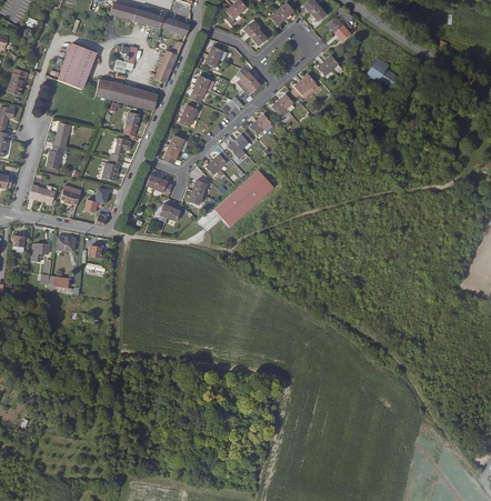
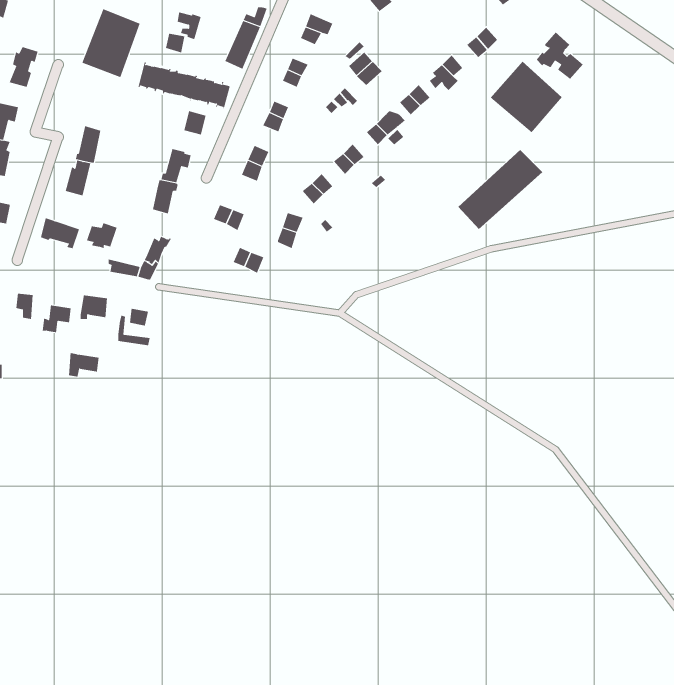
building: none -> [490,61,563,133]
building: [213,171,271,226] -> [458,149,543,230]

